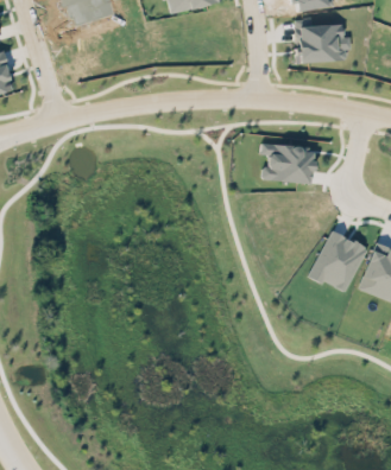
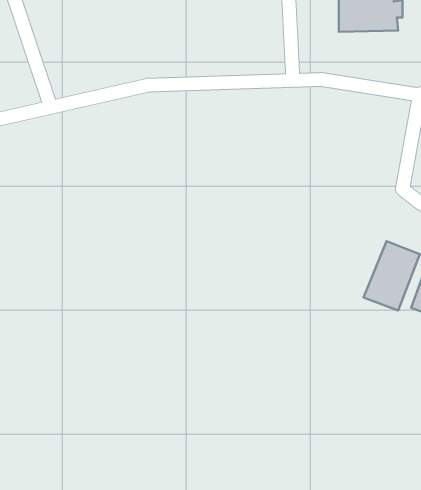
building: [261,145,315,183] -> none

